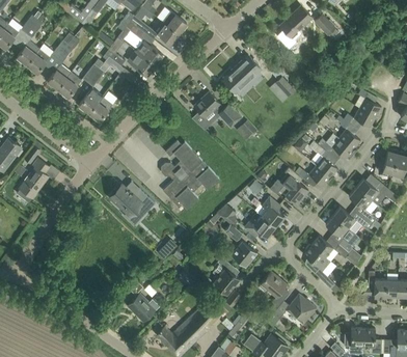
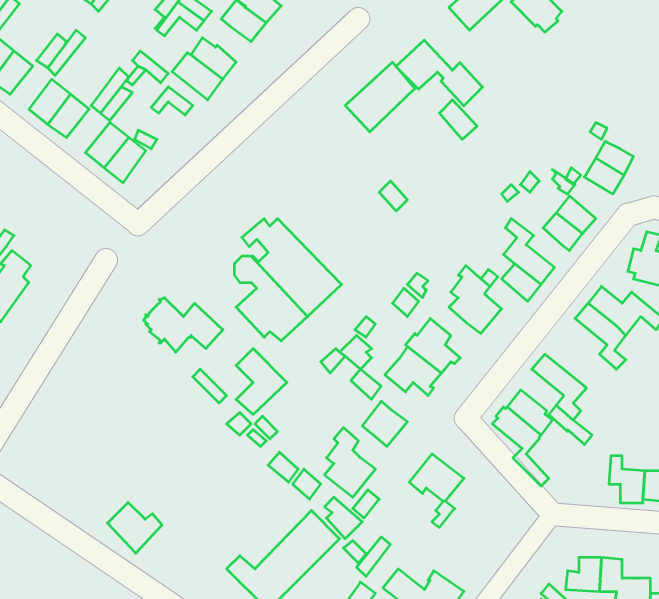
building: [193,91,241,128] -> [396,40,483,106]
building: [332,207,372,234] -> none
building: [128,294,158,322] -> [107,502,162,553]
building: [273,294,317,324] -> none

